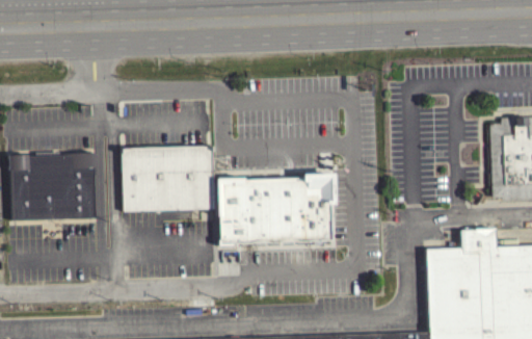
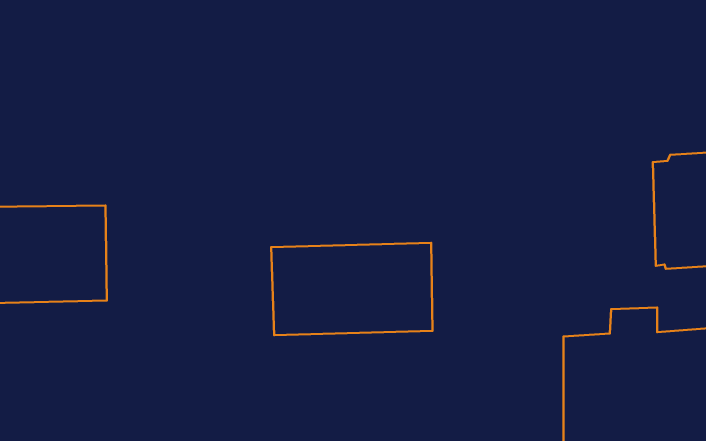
building: [121,150,214,215] -> none

